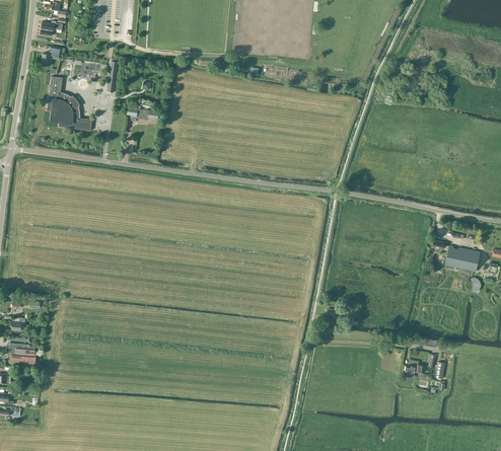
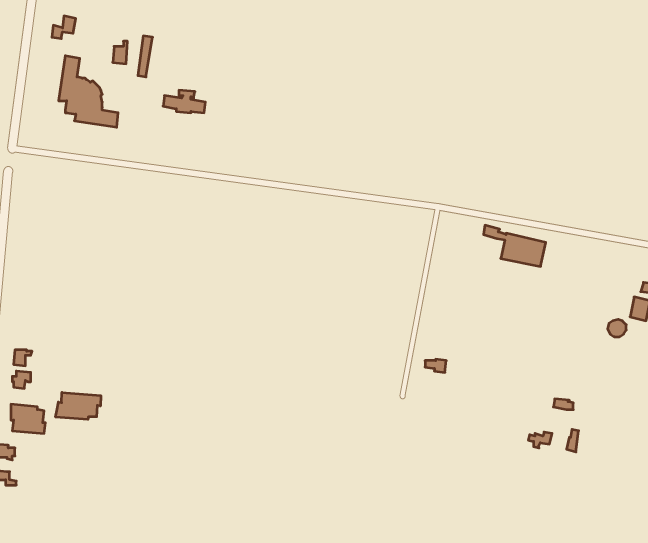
building: [432,239,480,271] -> [484,225,546,266]
building: none -> [56,392,101,419]

